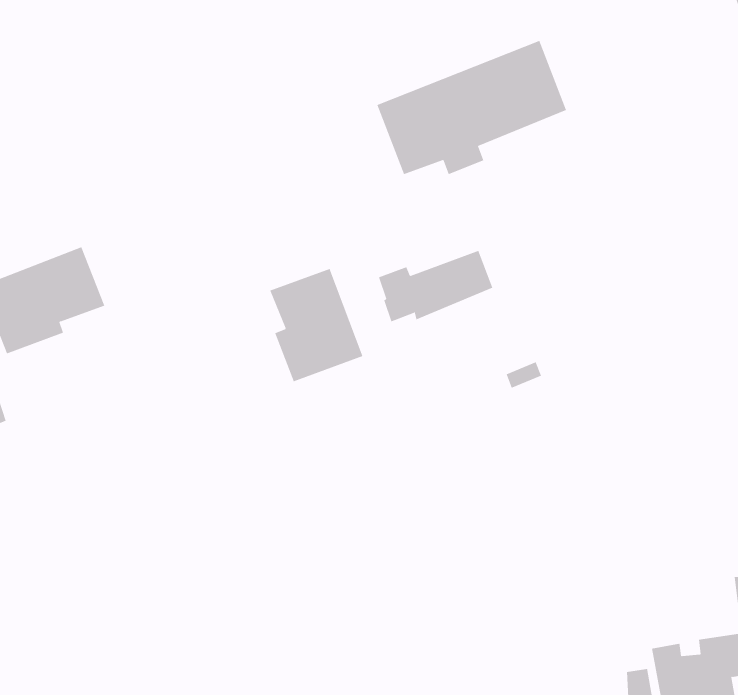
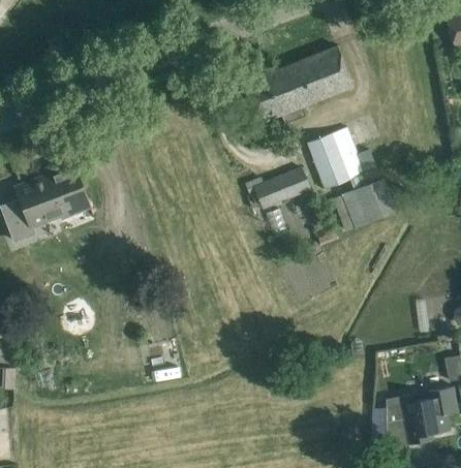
building: none -> [306,127,395,230]
building: [270,268,363,382] -> none

